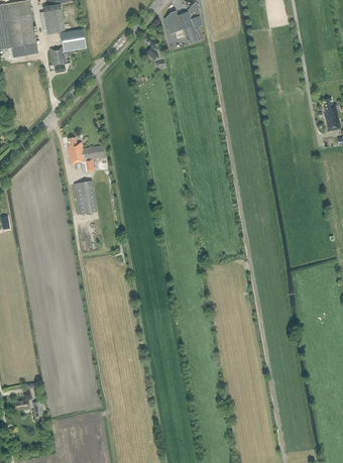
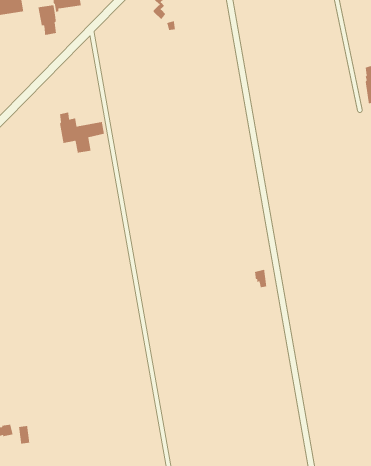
building: [73,180,97,214] -> none

